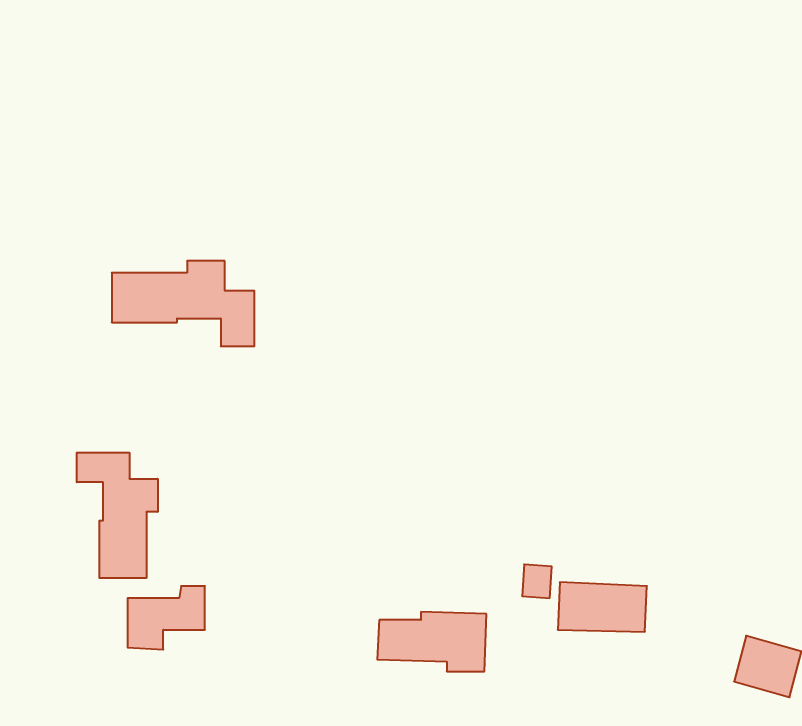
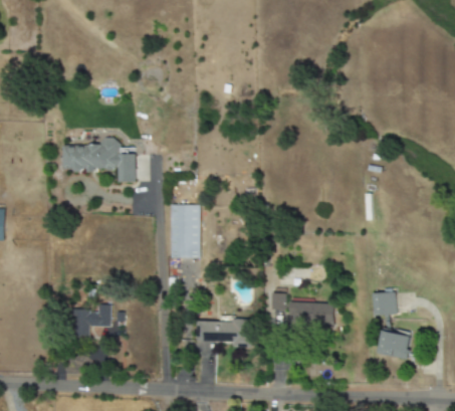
building: none -> [171,204,200,257]
building: [77,453,158,578] -> none
building: none -> [373,291,396,316]

